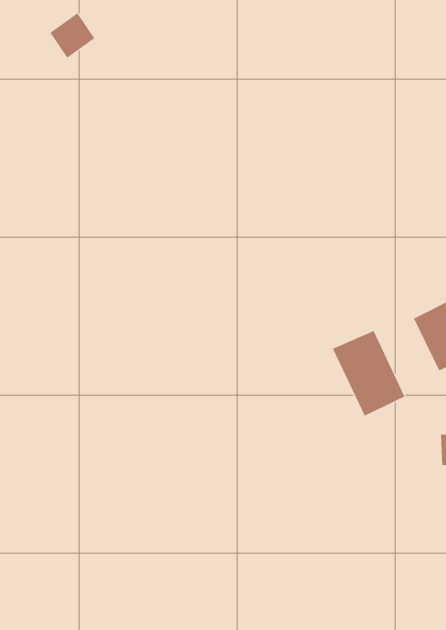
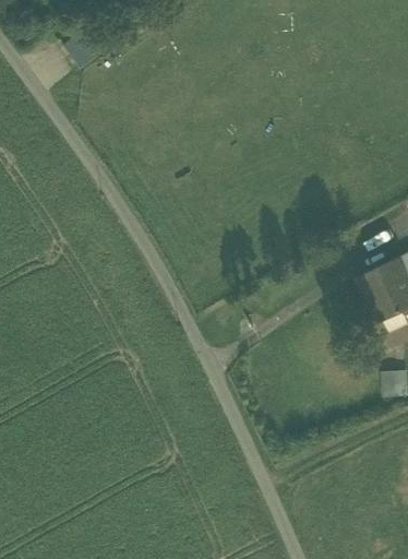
building: [332,330,405,416] -> none

